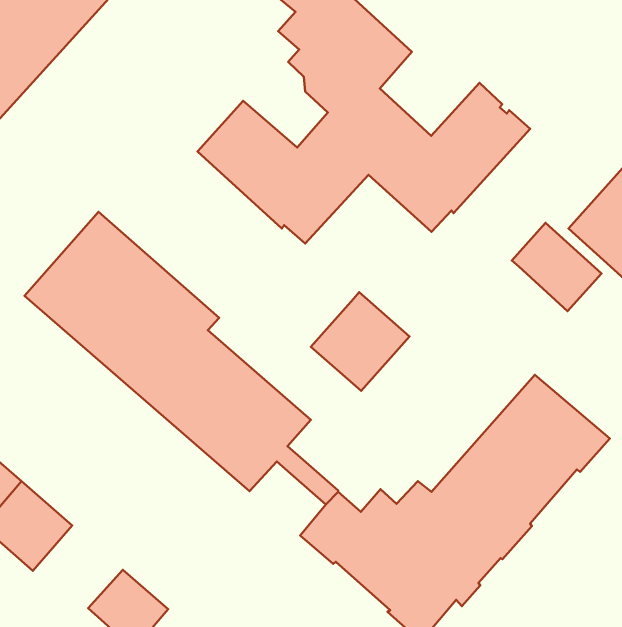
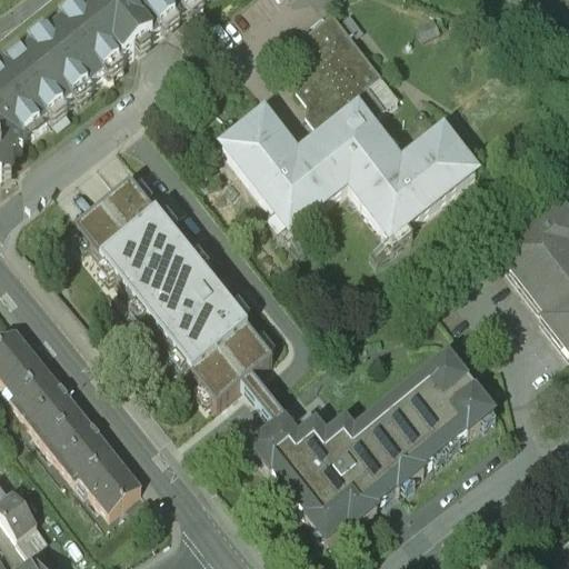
building: [512,223,601,311] -> none
building: [311,292,410,391] -> none
building: none -> [42,405,110,472]

